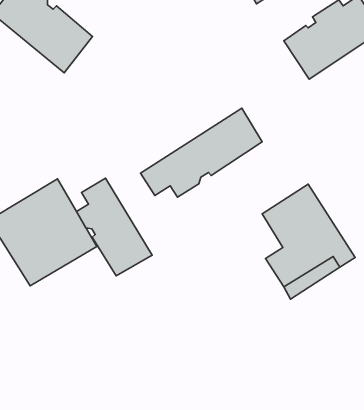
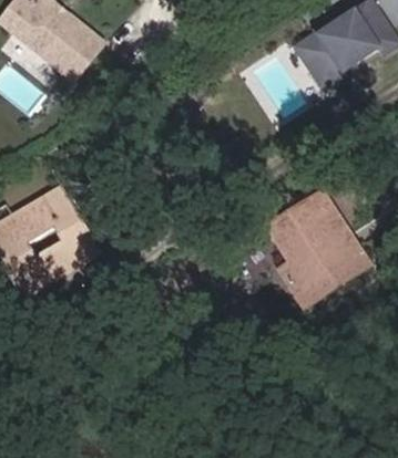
building: [140,108,262,197] -> none
building: [76,178,152,276] -> none

